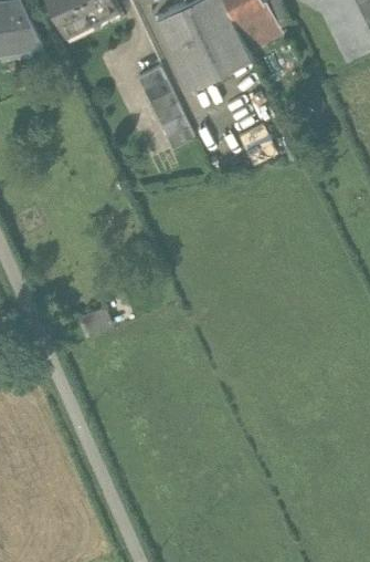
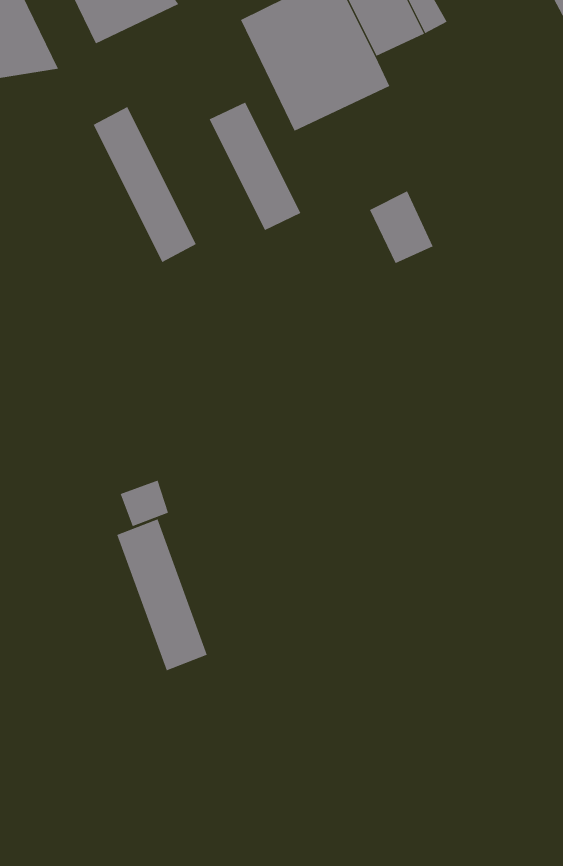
building: none -> [93,106,197,263]
building: none -> [117,518,208,671]

